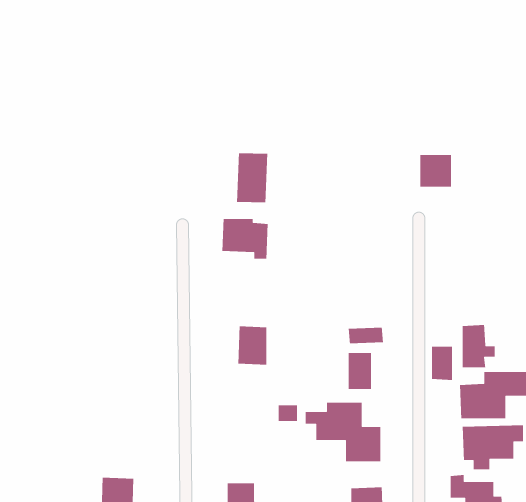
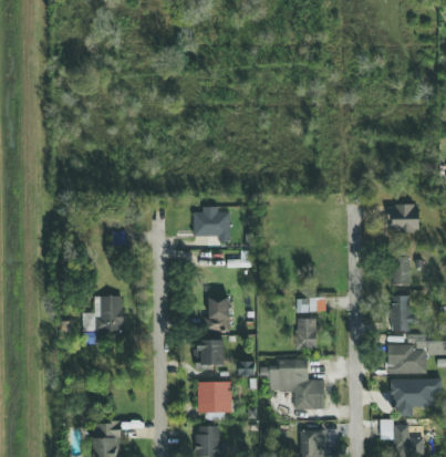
building: [236,153,268,203] -> none
building: [420,154,452,188] -> [392,205,418,232]
building: none -> [81,295,123,332]
building: [431,346,453,381] -> [391,257,408,285]
building: none -> [195,340,224,367]
building: none -> [197,382,231,418]

